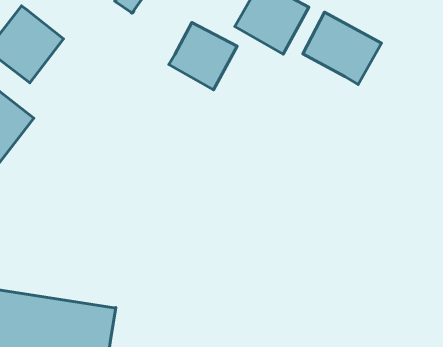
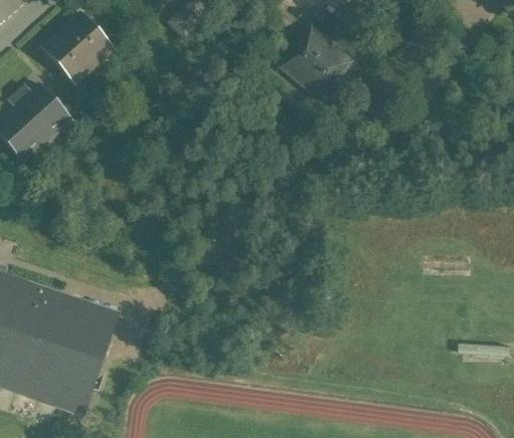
building: [303,12,381,84] -> none
building: [169,22,237,90] -> none

